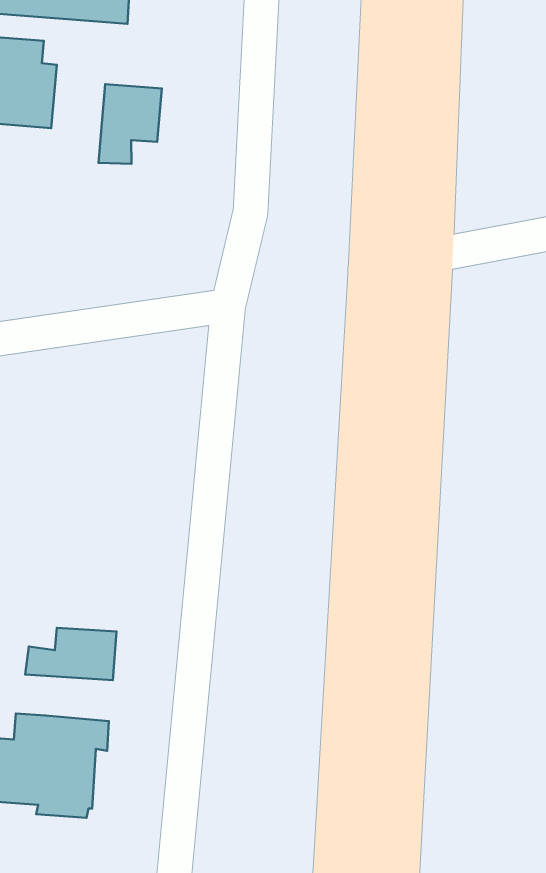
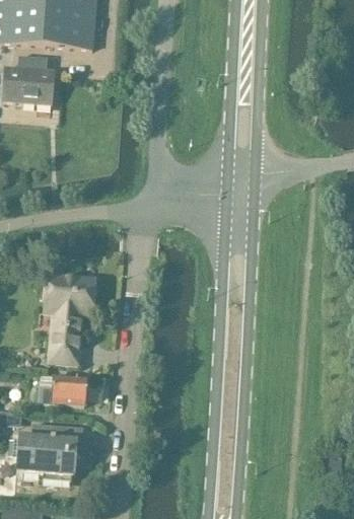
building: [99,84,162,164] -> none
building: none -> [44,276,94,364]

